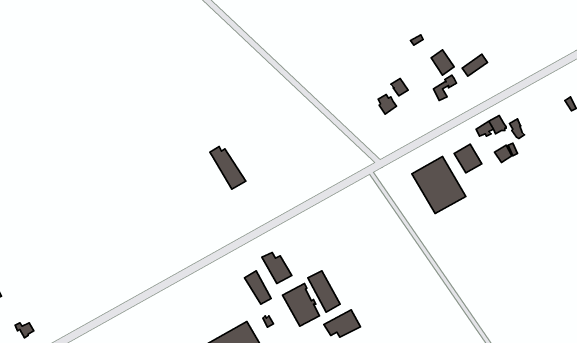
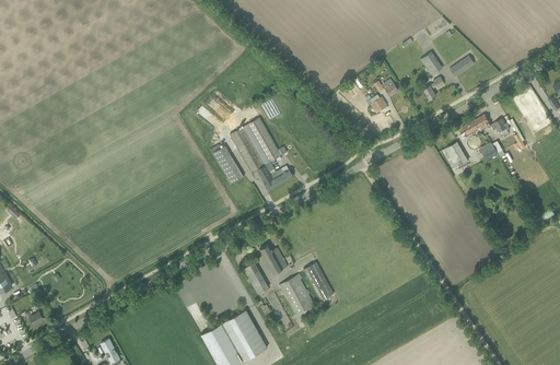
building: none -> [230,117,292,191]
building: [412,157,466,214] -> none
building: [324,310,360,337] -> none

